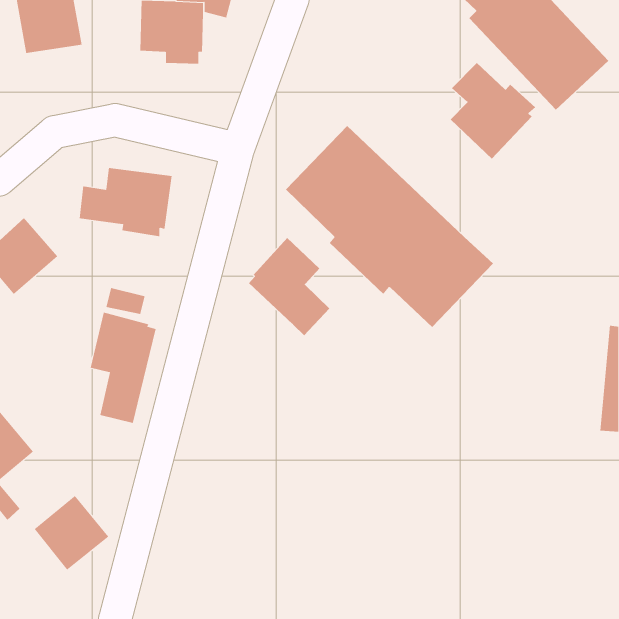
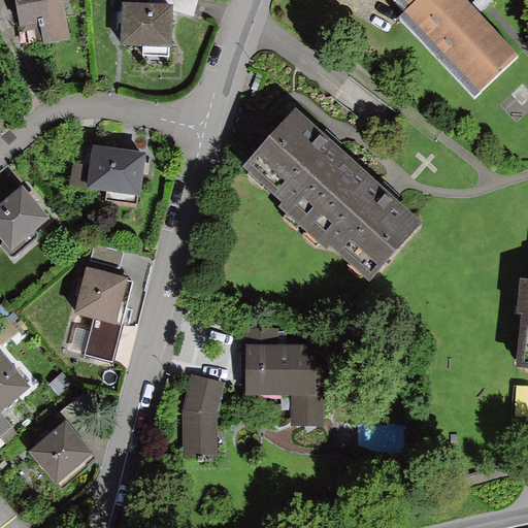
building: [450,62,536,159] -> none
building: [248,237,330,336] -> none
building: none -> [243,328,324,424]
building: none -> [185,377,225,453]

